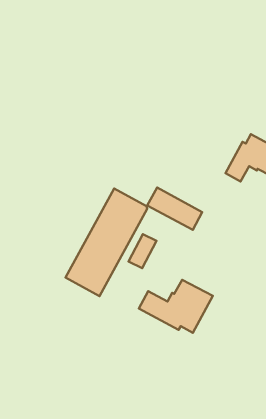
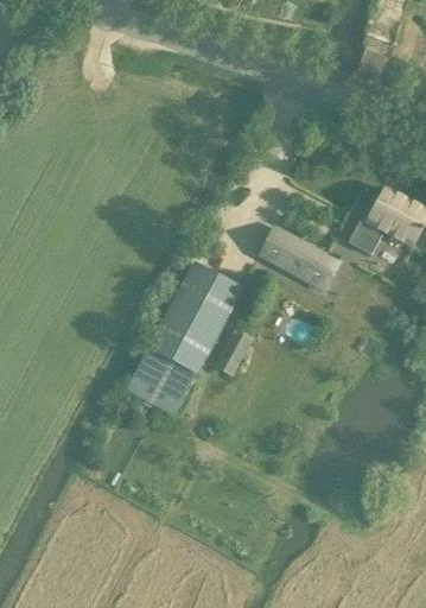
building: [147,188,202,230] -> [260,228,337,287]
building: [139,280,213,333] -> none

